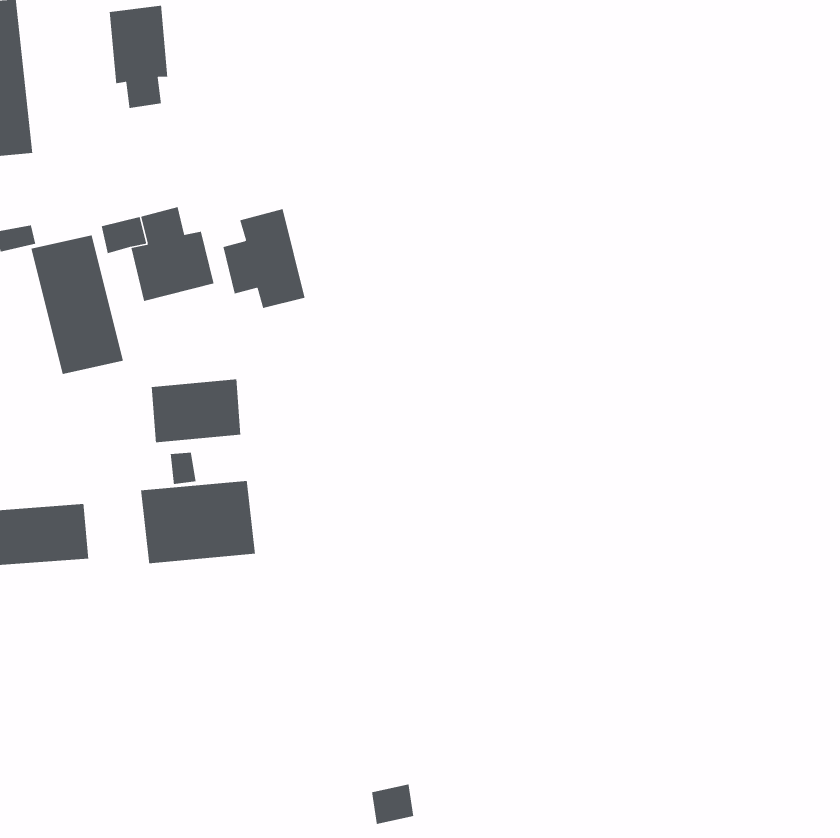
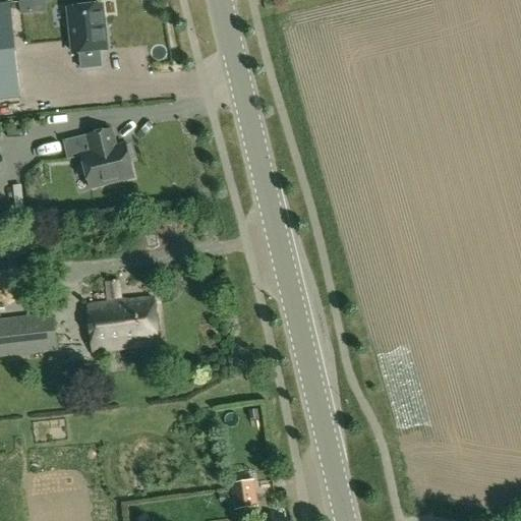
building: [222,208,305,309] -> none
building: [31,235,124,375] -> none
building: [151,378,241,443] -> none

